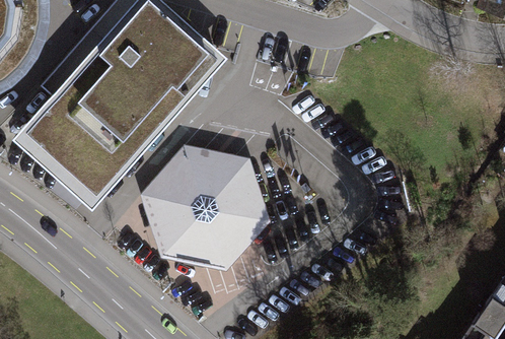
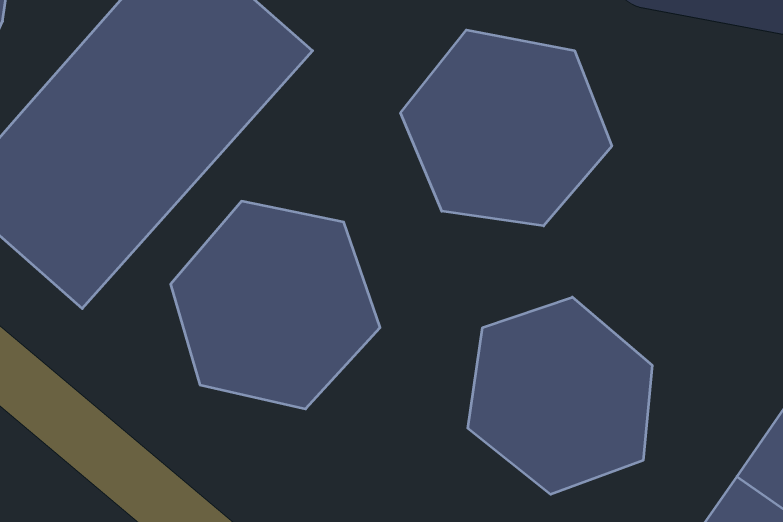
building: none -> [401,30,612,226]
building: none -> [468,297,652,494]

